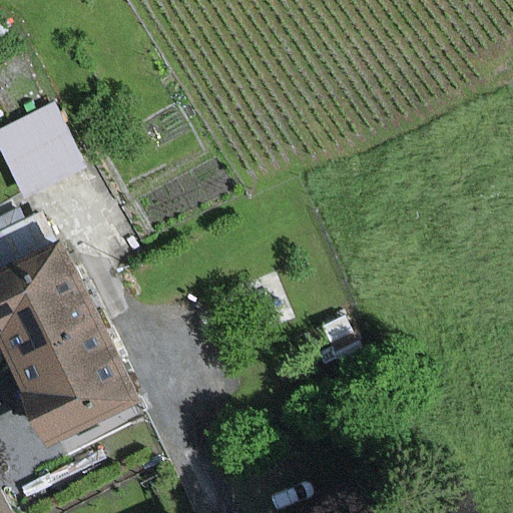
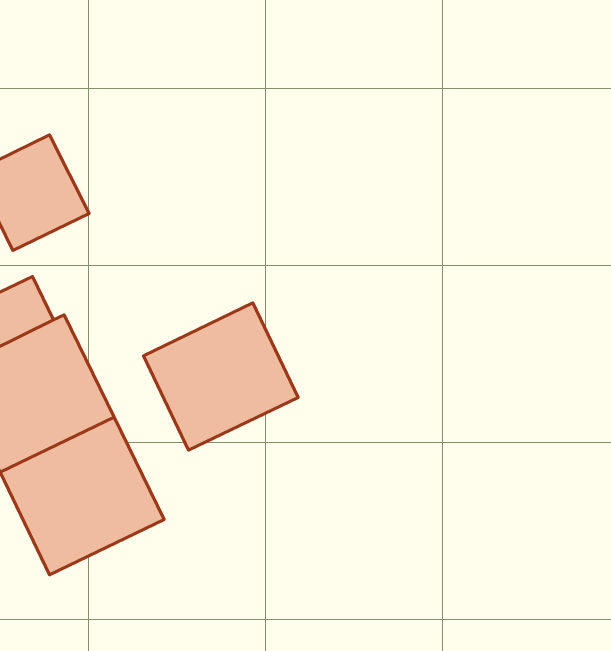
building: none -> [143,303,298,450]

